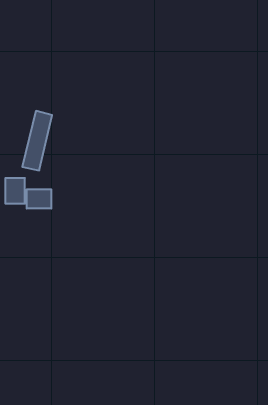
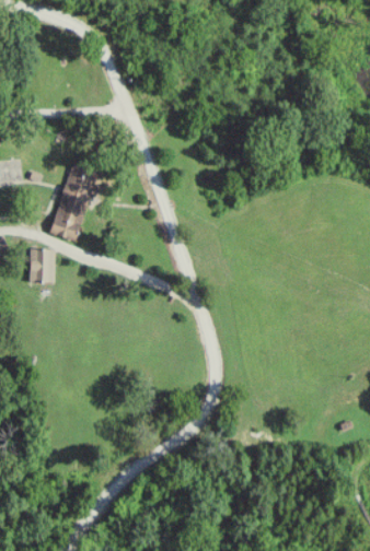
building: [27,189,51,209] -> none

